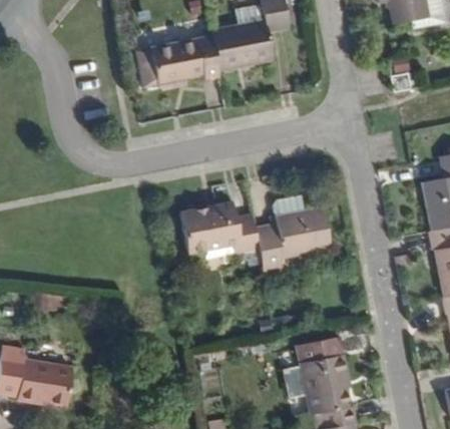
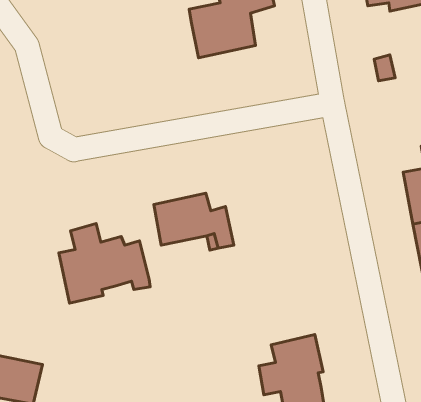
building: [142,36,224,85] -> none
building: [255,198,329,273] -> none
building: none -> [59,223,150,303]

